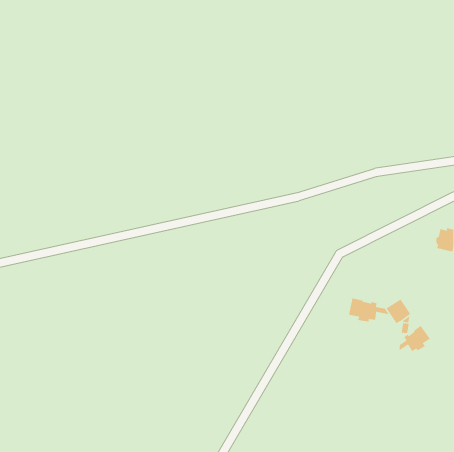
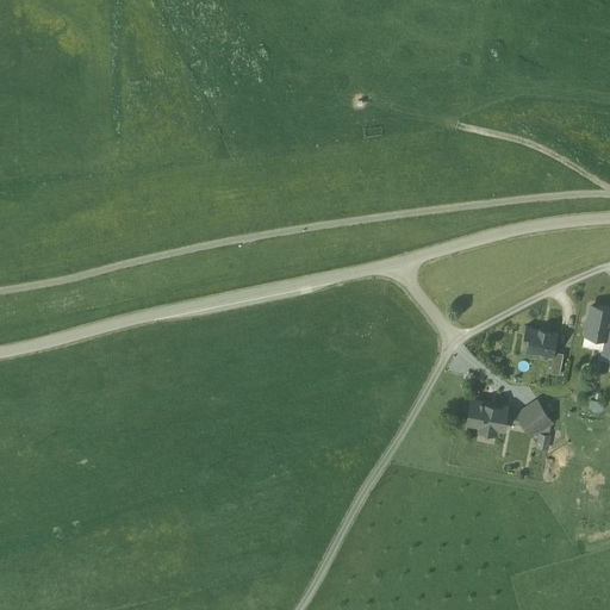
building: none -> [524,328,558,357]
building: [399,325,431,352] -> none

